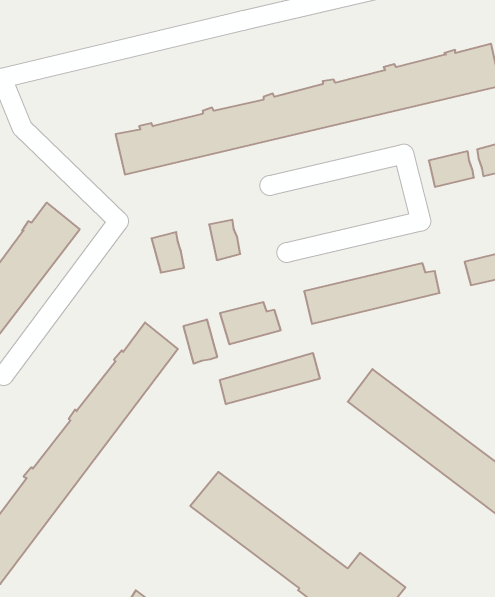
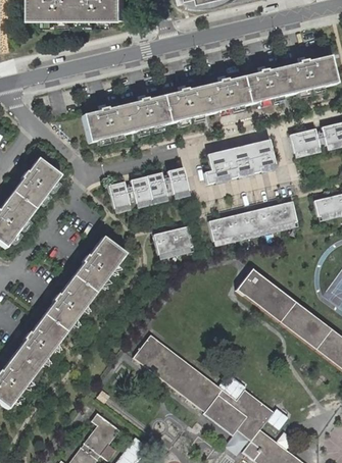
building: none -> [203,138,275,183]
building: none -> [165,166,187,193]
building: none -> [129,174,150,201]
building: [184,319,217,364] -> none
building: [220,353,320,404] -> none

